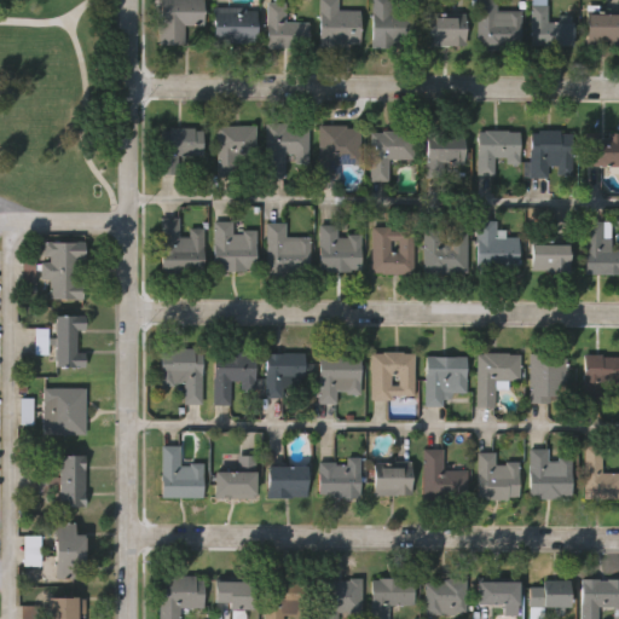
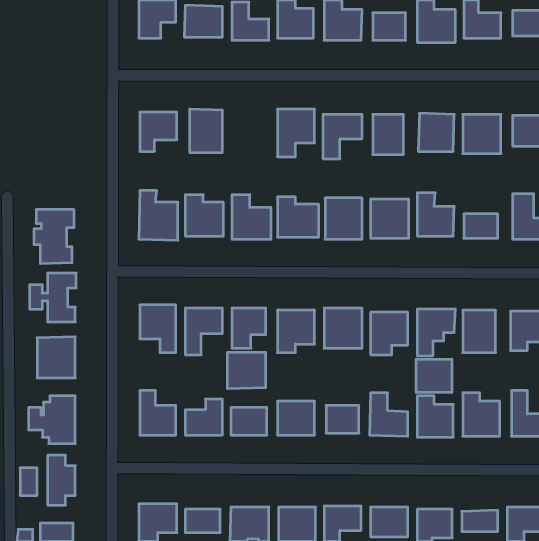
building: [267,123,310,177] -> none
building: none -> [227,352,266,389]
building: none -> [416,359,452,393]

